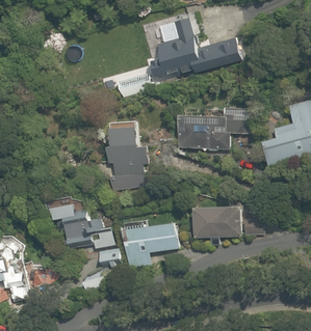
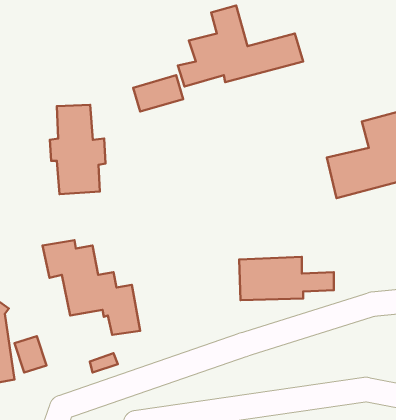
building: [178,108,244,153] -> none
building: [105,122,147,189] -> [50,105,105,194]
building: [123,220,178,268] -> none

